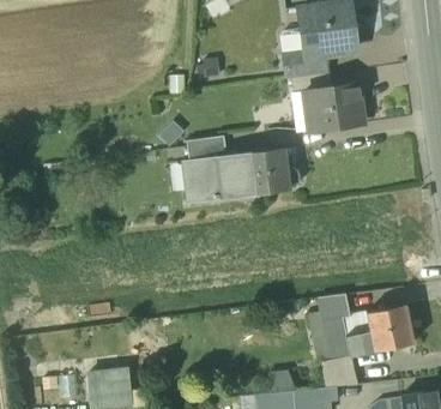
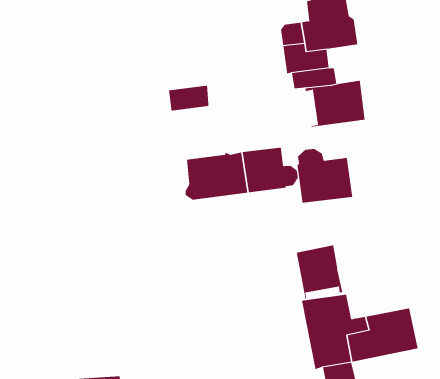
building: [188,136,228,161] -> [168,85,209,111]
building: none -> [297,148,353,203]
building: none -> [296,244,343,300]

